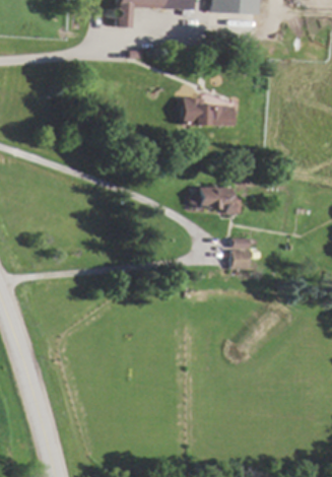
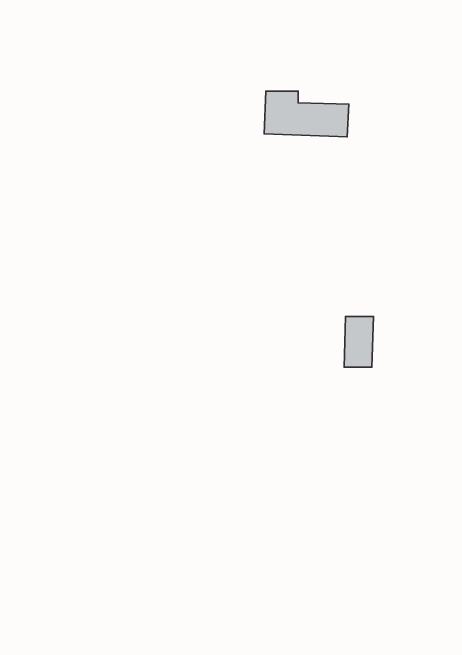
building: [200,187,243,213] -> none

